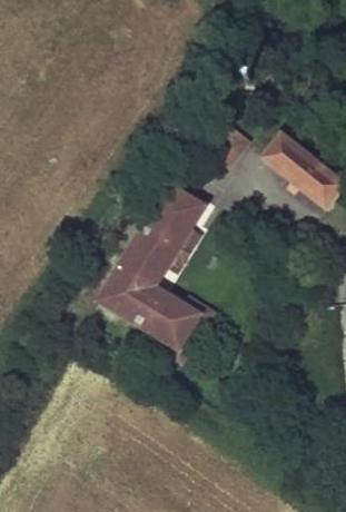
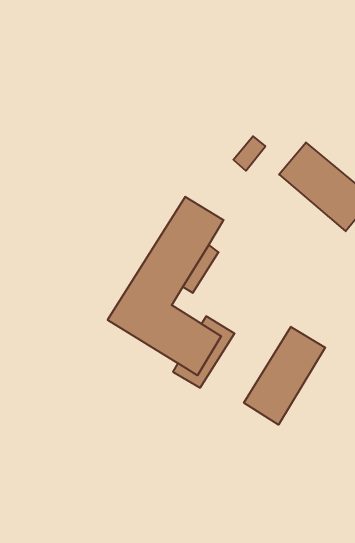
building: none -> [244,327,325,425]

